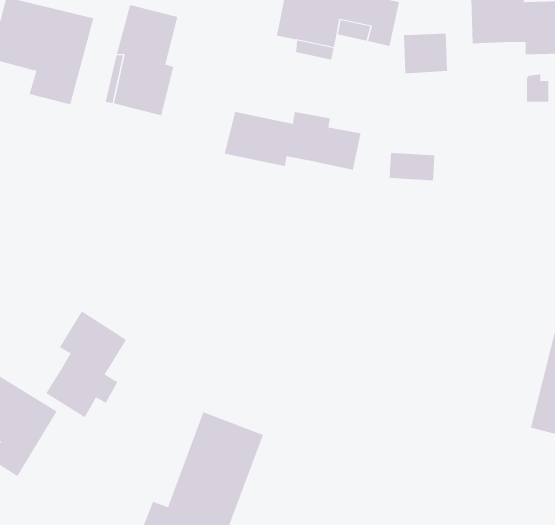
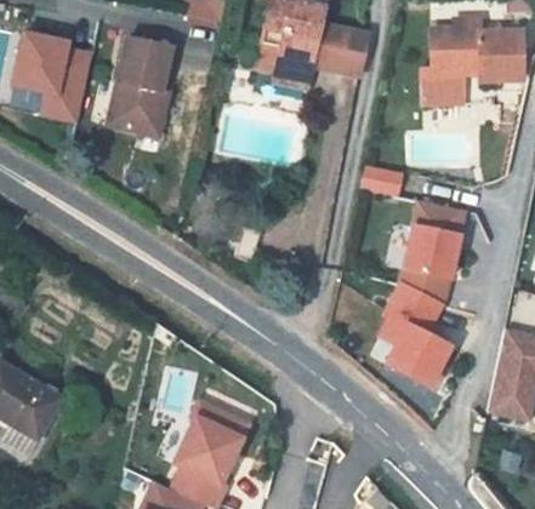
building: [403,33,448,74] -> [426,69,466,105]
building: [224,111,361,171] -> none
building: none -> [383,198,463,382]
building: [45,311,127,418] -> none

